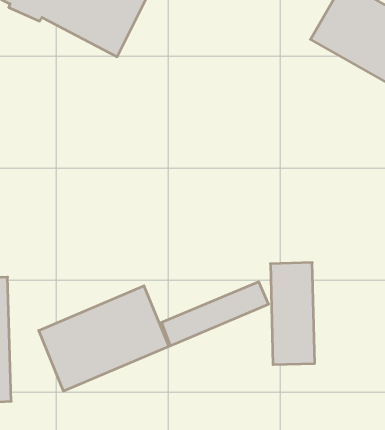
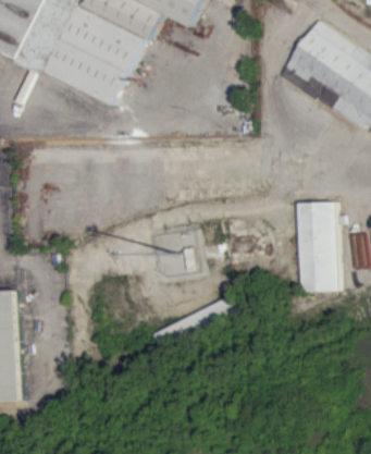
building: [270,263,315,365] -> [299,203,338,293]
building: [39,286,169,391] -> none

